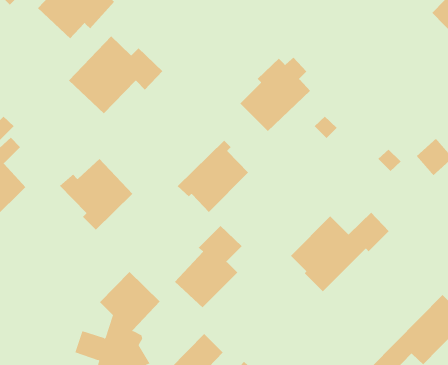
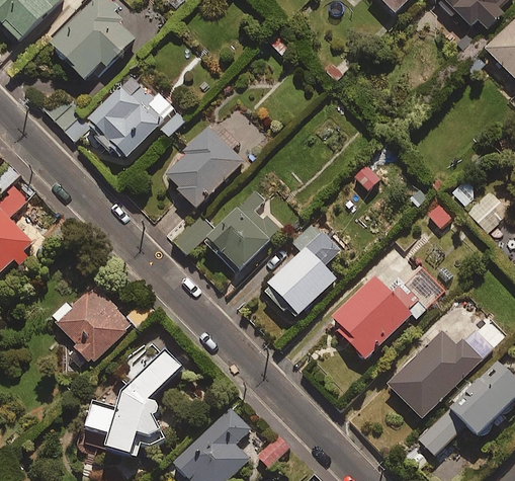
building: [239,57,311,132] -> [164,125,243,208]
building: [59,158,133,230] -> [53,285,135,365]
building: [174,225,243,308] -> [264,226,340,318]
building: none -> [388,328,494,419]

